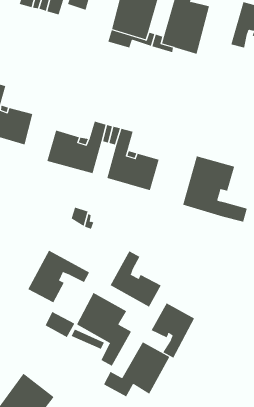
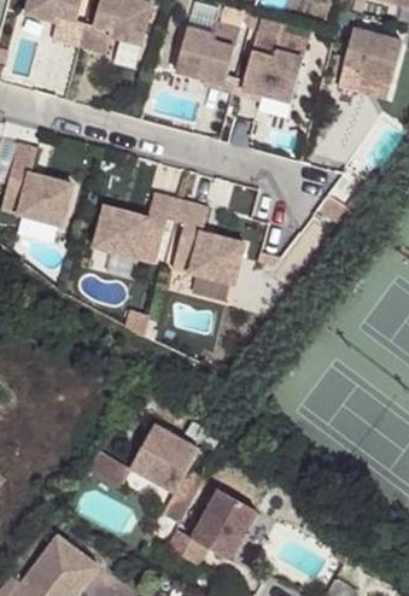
building: [182,155,248,223] -> none
building: [27,250,90,303] -> none
building: [110,251,161,308] -> none
building: [151,302,195,359] -> none

